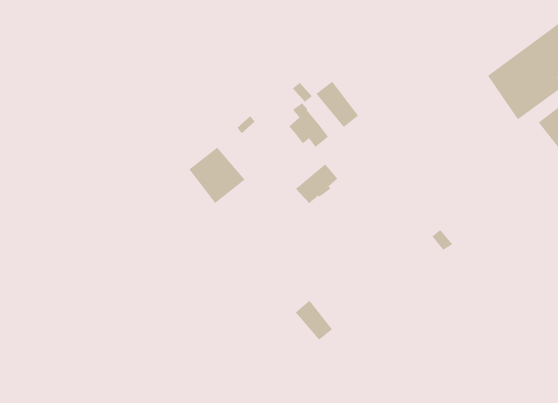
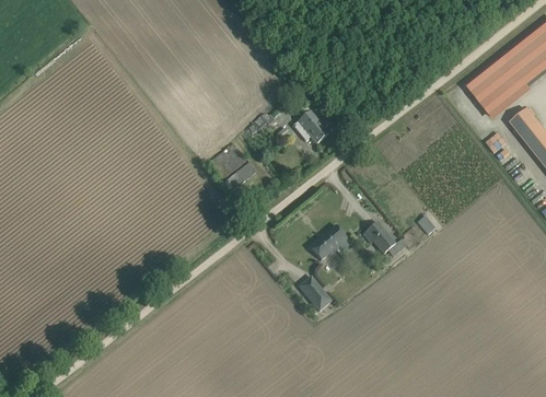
building: [316,81,359,128] -> none
building: [295,163,338,204] -> [311,224,348,259]
building: none -> [364,222,408,257]

